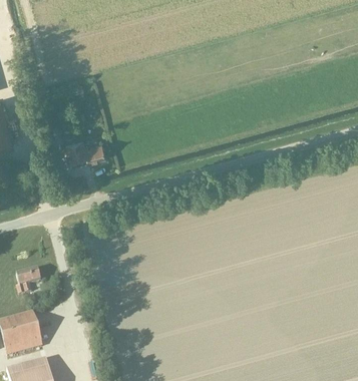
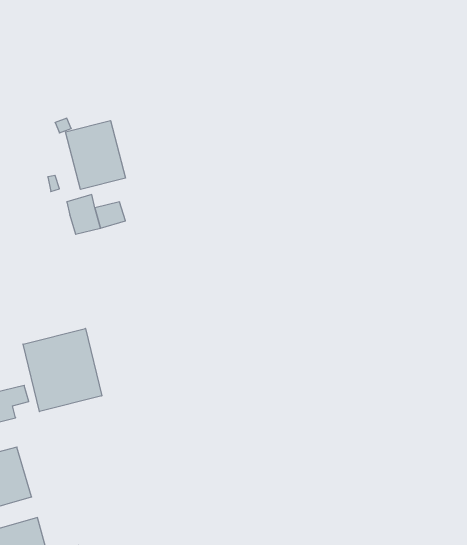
building: none -> [66,121,125,189]
building: none -> [23,328,102,412]

